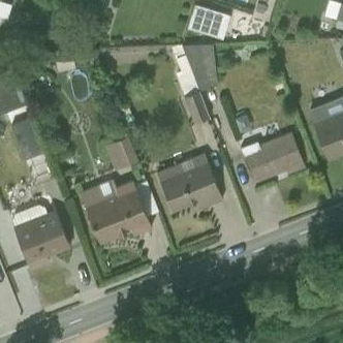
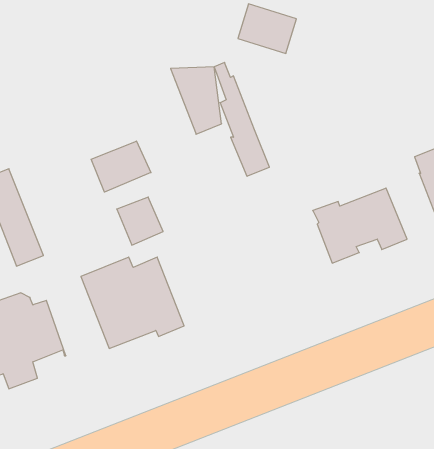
building: [183,45,218,92] -> [171,67,222,134]
building: none -> [91,141,151,192]
building: [157,153,222,212] -> none

